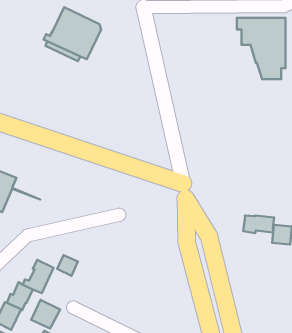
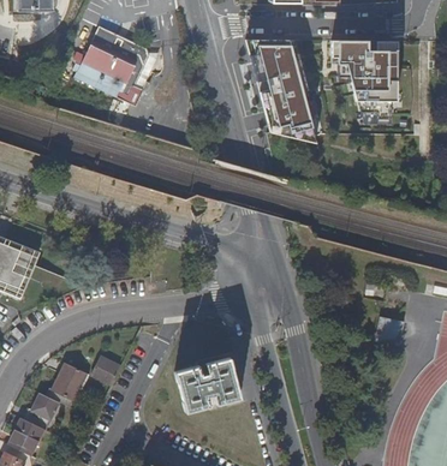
building: none -> [246,40,316,142]
building: [243,215,274,233] -> none
building: none -> [174,358,239,413]
building: [31,300,60,329] -> none

